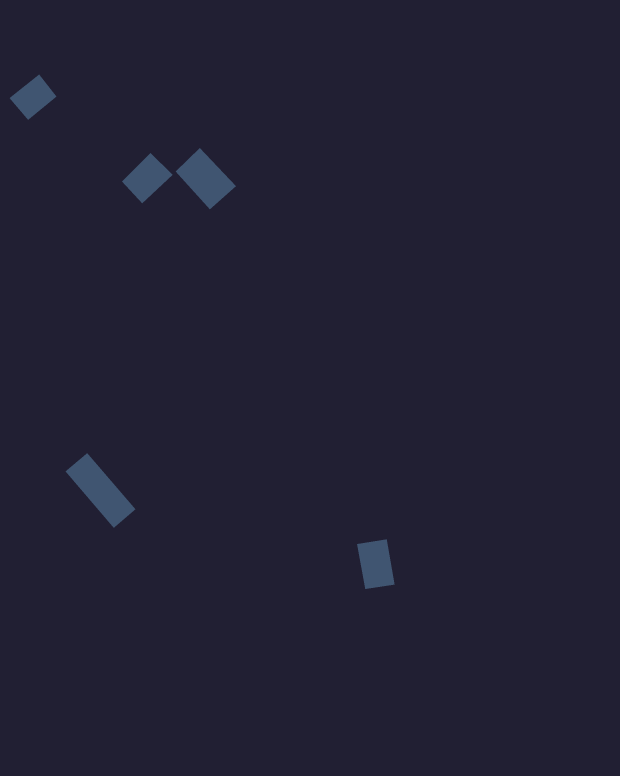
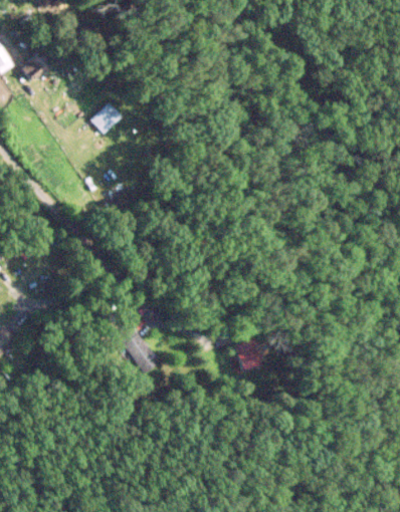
building: [175,147,237,210] -> none
building: [65,452,136,529] -> [117,326,161,373]

